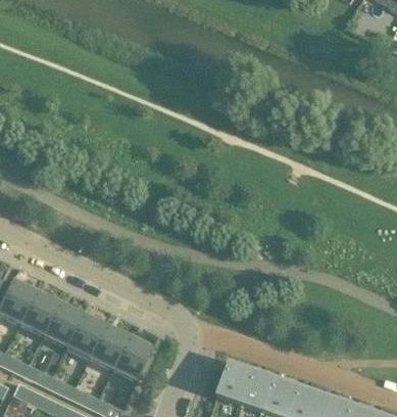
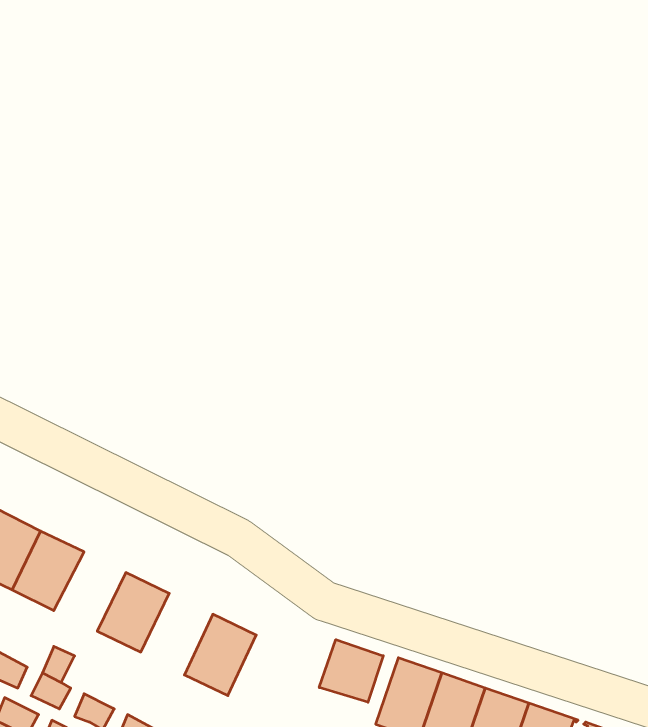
building: [43,302,82,344] -> none
building: [90,324,129,368] -> none
building: none -> [319,640,383,702]

